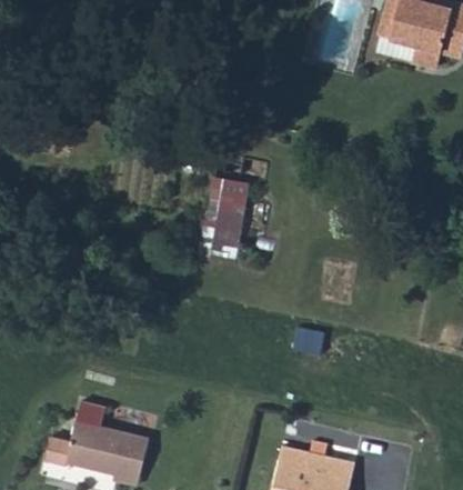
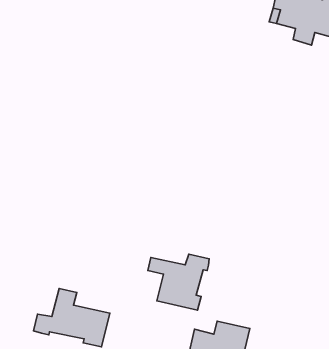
building: [201,178,246,261] -> none
building: none -> [148,254,209,310]

